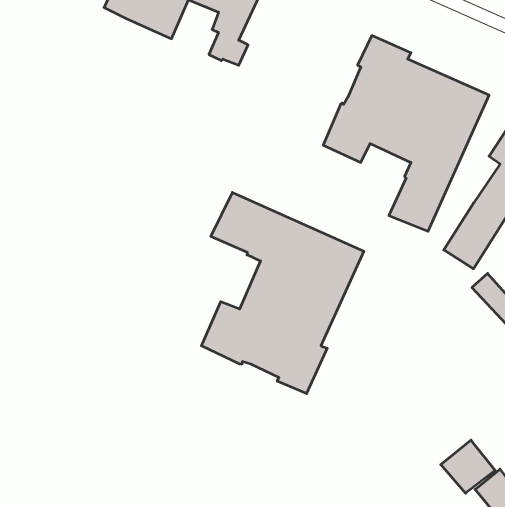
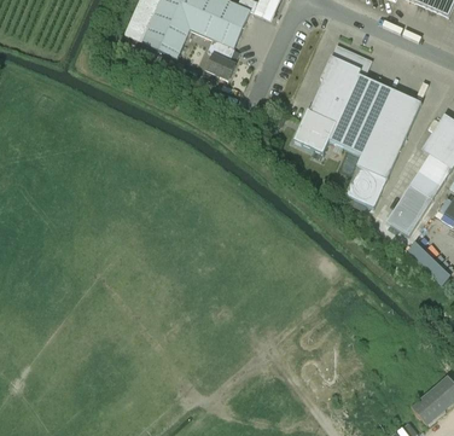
building: [201,192,364,394] -> none
building: [441,440,495,493] -> none

